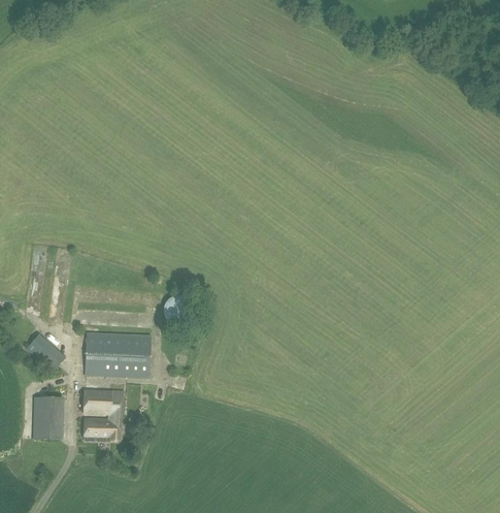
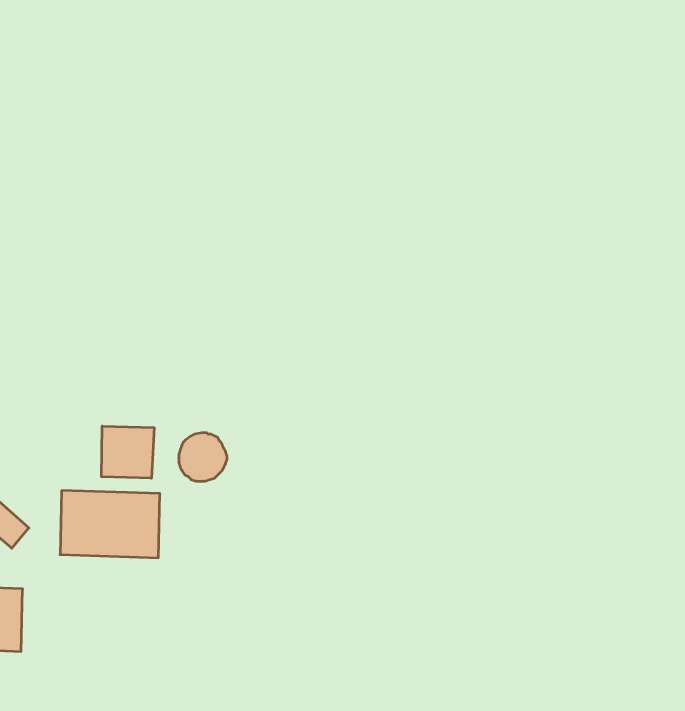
building: none -> [102,426,154,478]
building: [84,390,120,440] -> none

